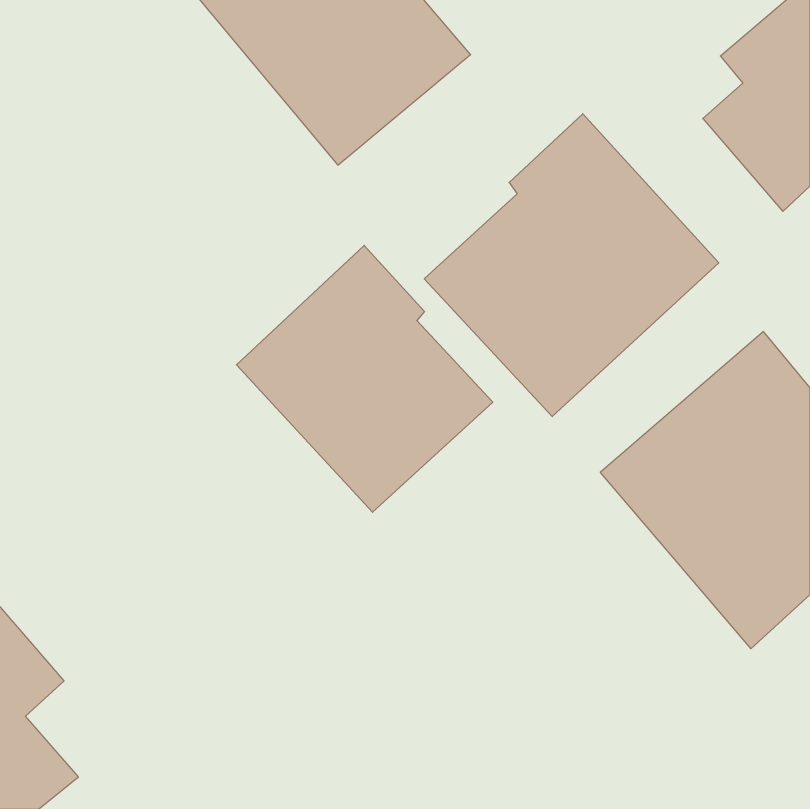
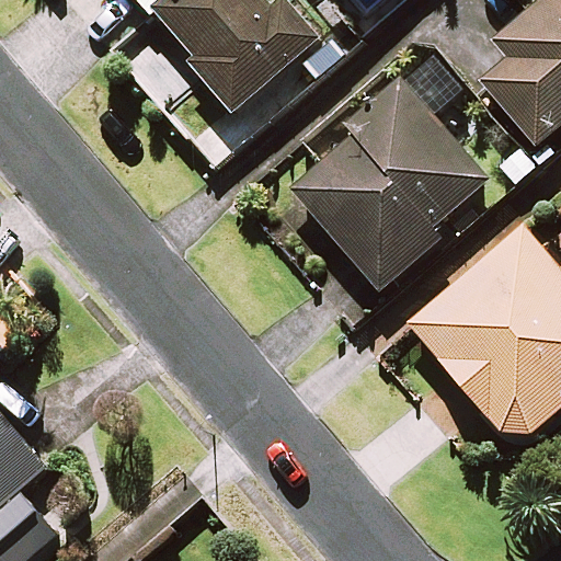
building: [236,245,493,512] -> none

